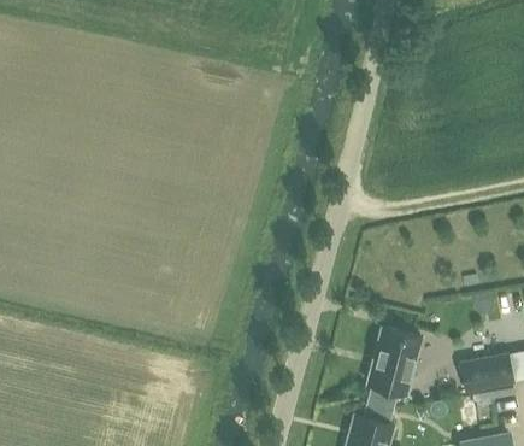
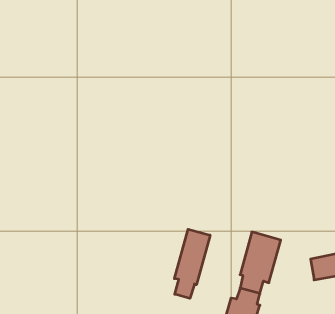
building: none -> [174,229,210,298]

